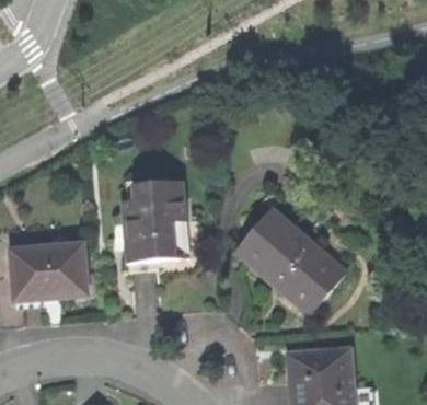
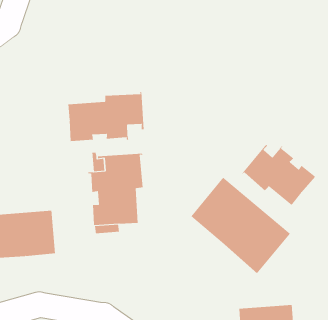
building: none -> [68,91,144,143]
building: none -> [242,144,316,206]

